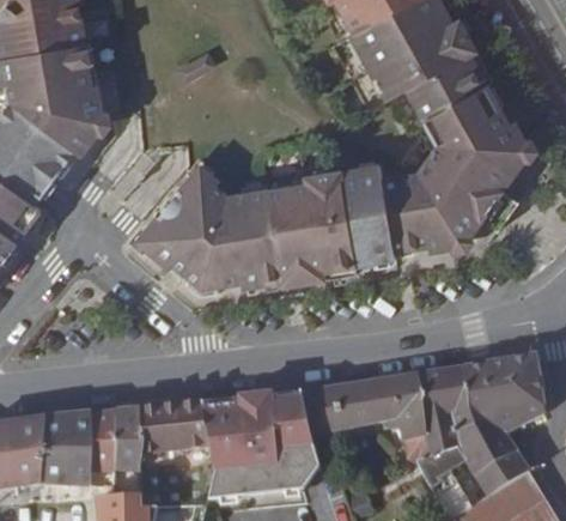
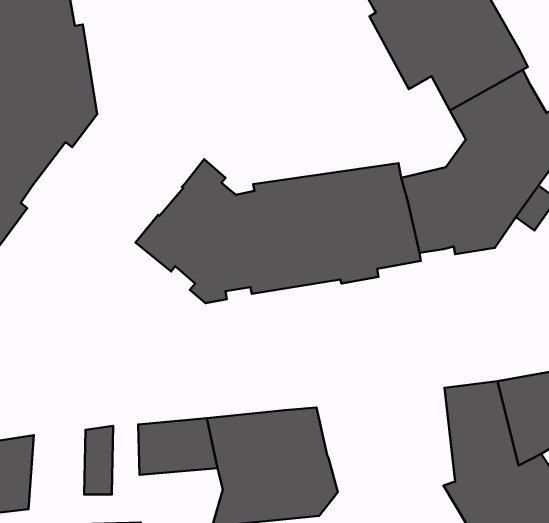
building: [300,372,426,461] -> none
building: [115,406,140,468] -> none
building: [39,411,91,484] -> none

